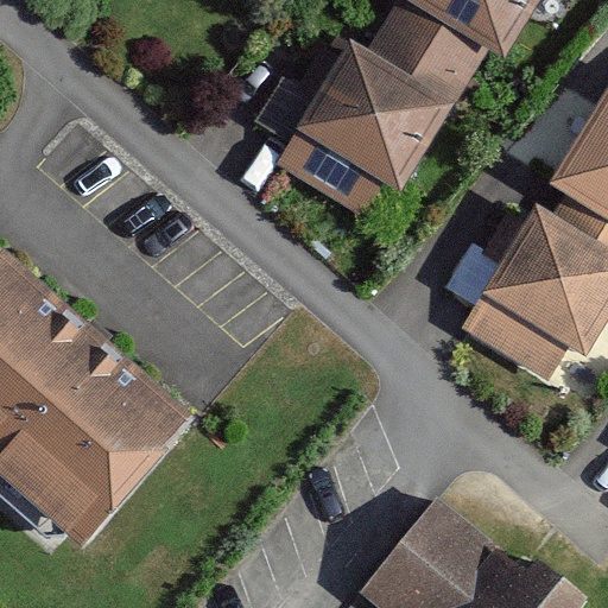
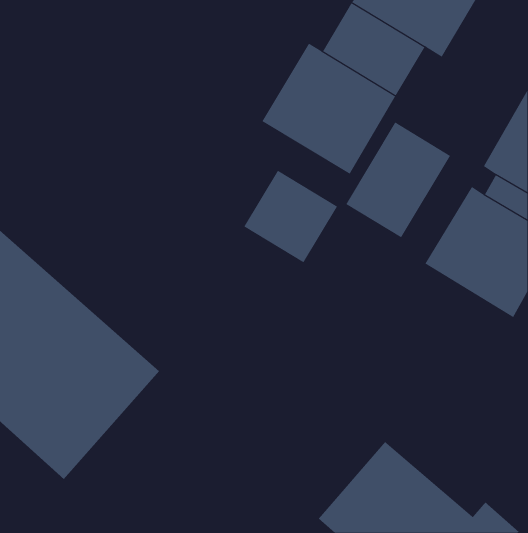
building: none -> [346,122,451,238]
building: none -> [244,170,338,263]

